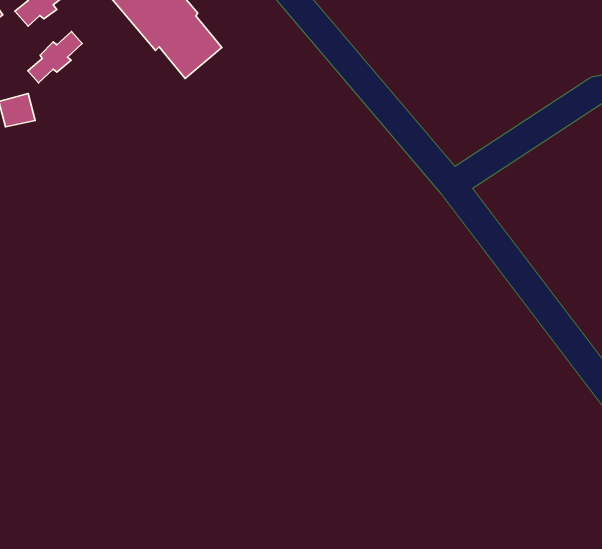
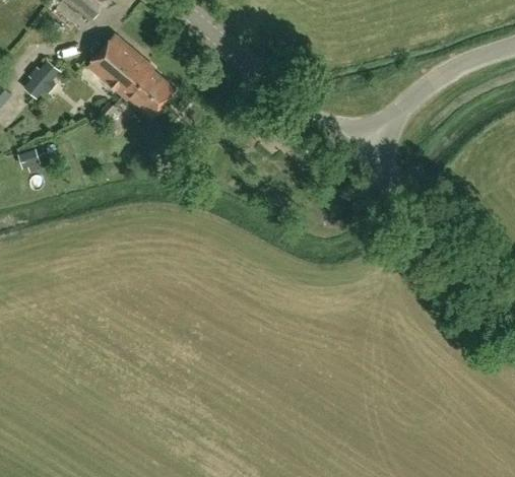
building: [28,31,82,83] -> none

